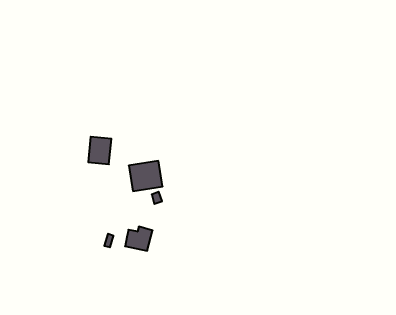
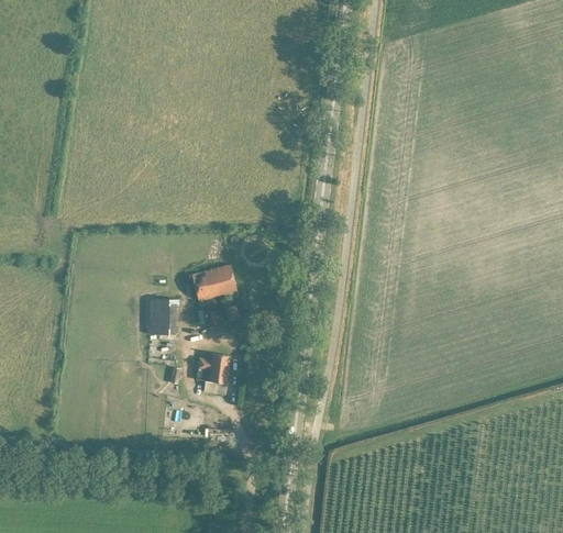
building: [88,137,111,164] -> [147,299,175,333]

